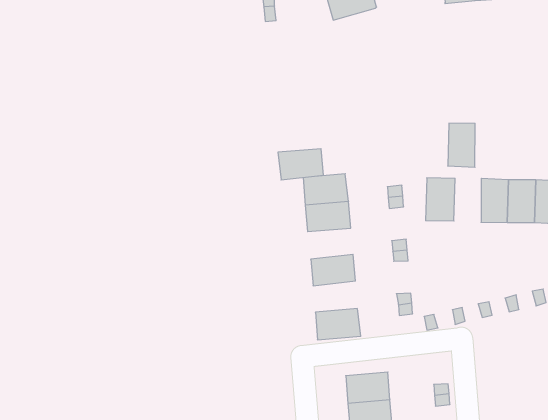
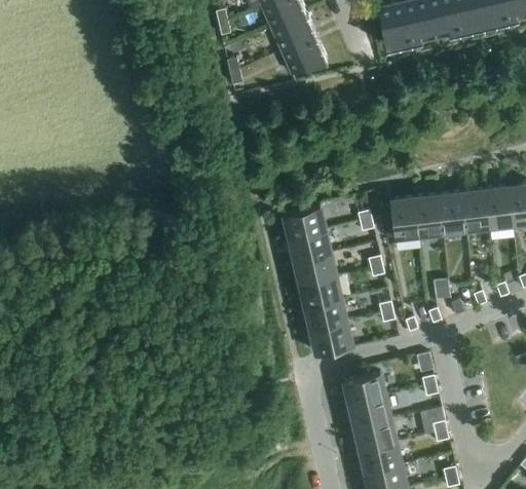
building: [448,123,475,167] -> [415,195,443,235]
building: [278,149,323,180] -> [294,254,336,286]
building: none -> [305,299,346,331]

